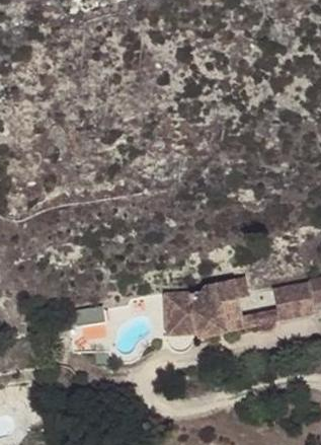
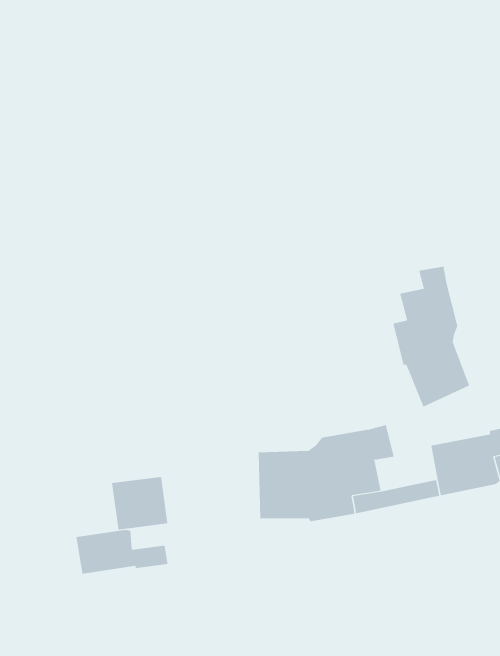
building: none -> [393,266,470,407]
building: none -> [76,529,168,575]

